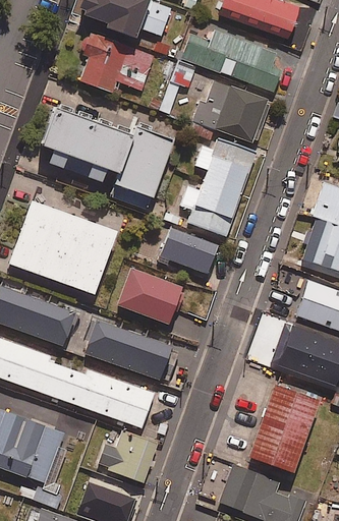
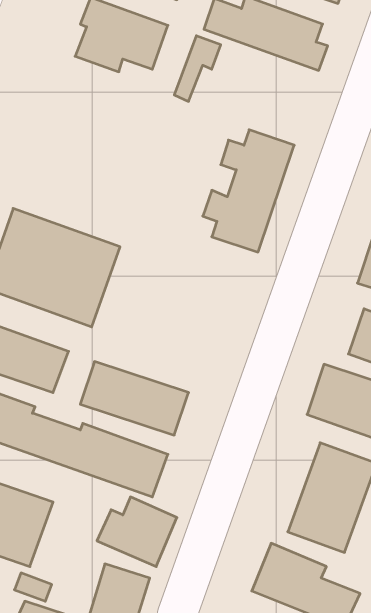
building: [188,80,271,142] -> none
building: [42,105,172,209] -> none
building: [161,228,217,273] -> none
building: [117,267,181,323] -> none

